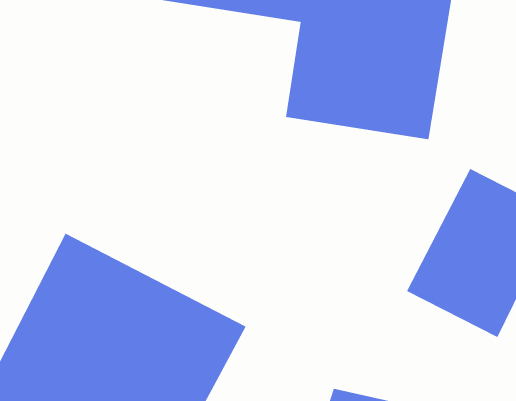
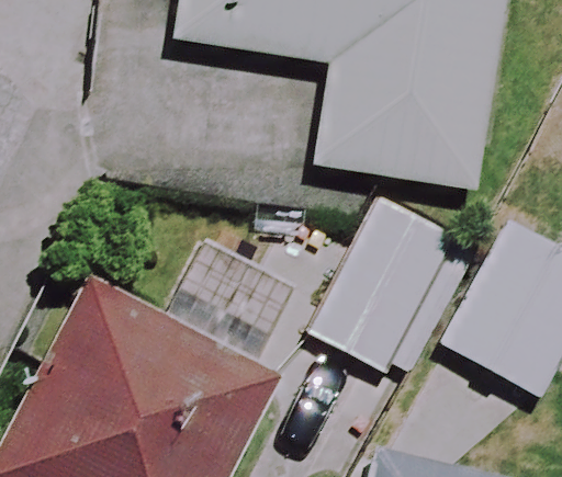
building: none -> [312,201,471,378]

